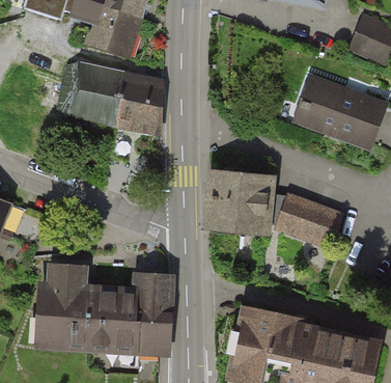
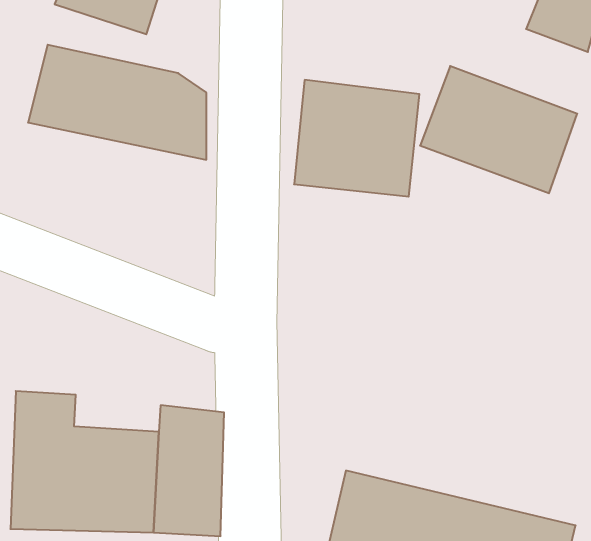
building: [206,168,280,237] -> [294,80,419,197]
building: [281,193,344,248] -> none

